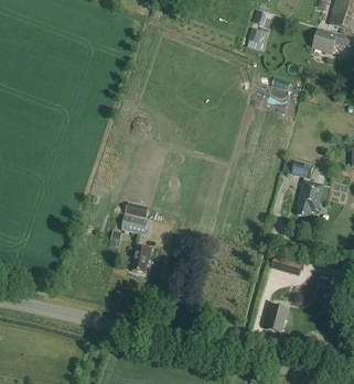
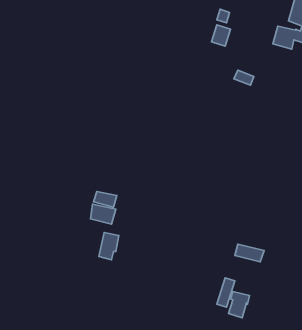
building: [291,162,323,219] -> none

